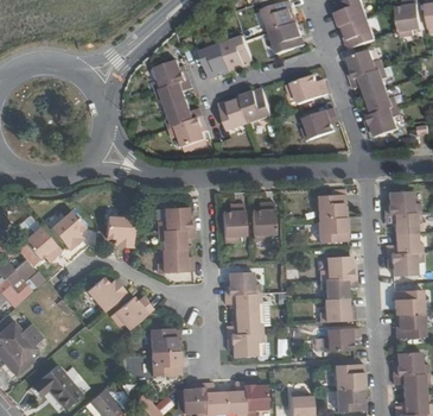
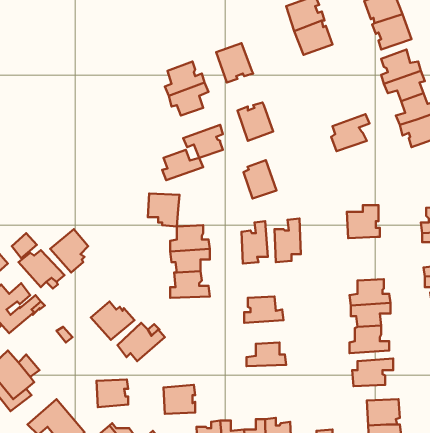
building: [222,36,254,69] -> none
building: [286,74,329,103] -> none
building: [242,88,272,122] -> [243,160,276,198]
building: [166,101,203,128] -> [162,150,203,180]
building: [106,218,134,247] -> [148,193,179,226]
building: [318,218,348,241] -> none
building: [224,292,260,314] -> none
building: [151,328,179,353] -> [97,379,128,407]
building: [227,333,262,357] -> none

